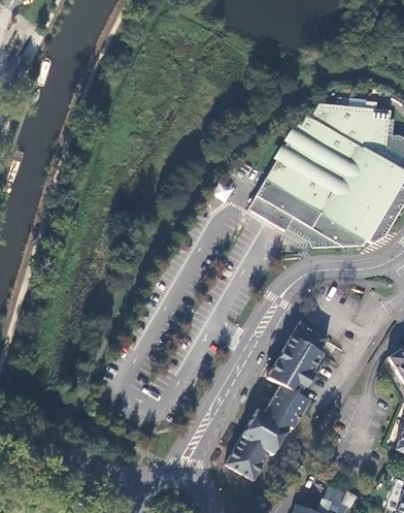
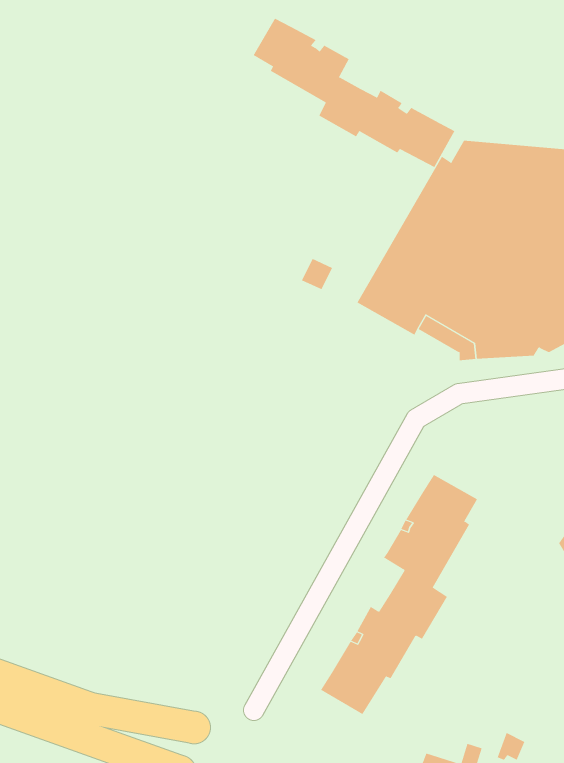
building: none -> [253,18,455,168]

